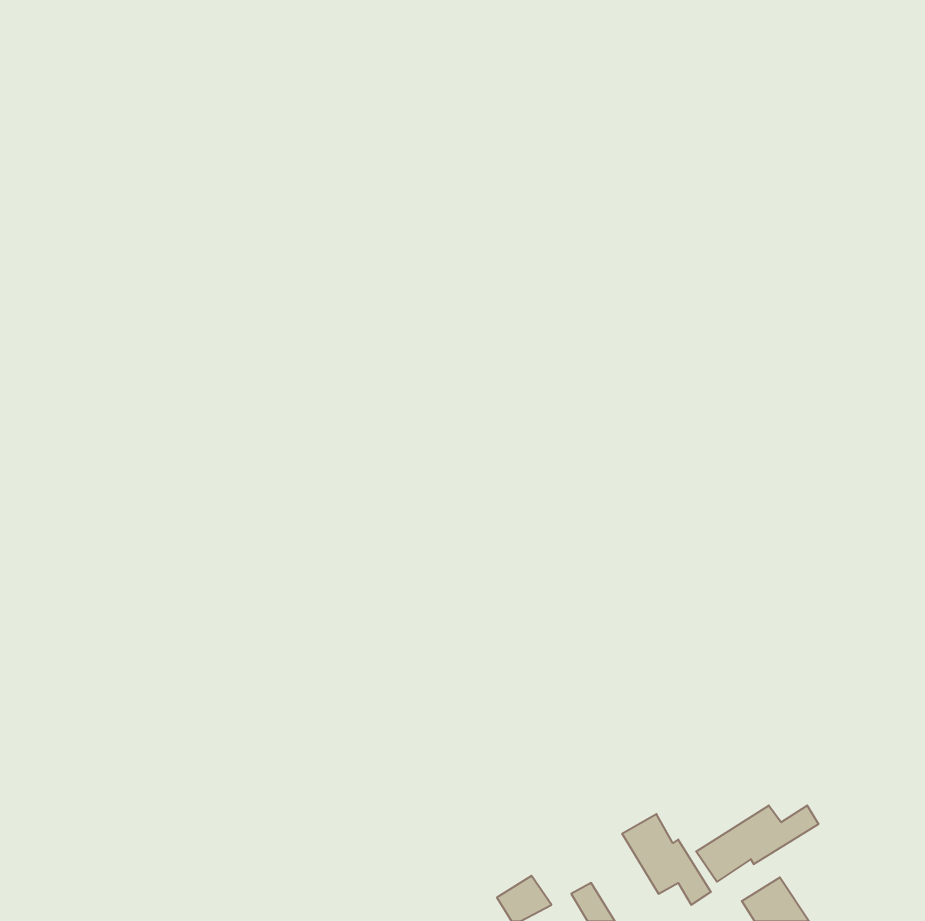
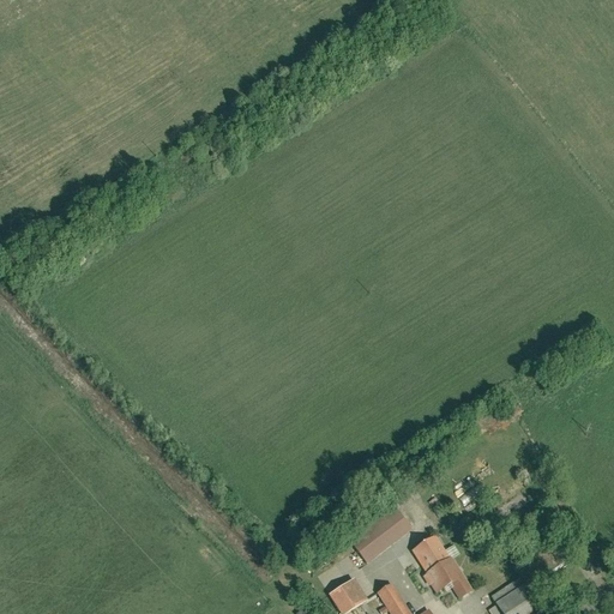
building: none -> [353,508,410,560]
building: [696,805,818,882] -> none

